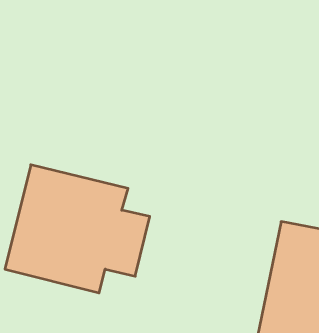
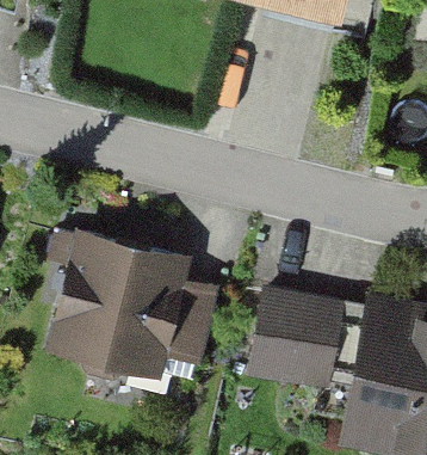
building: none -> [249,289,345,387]

